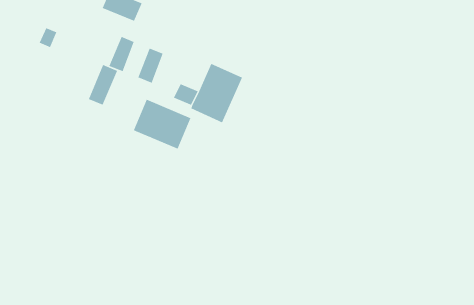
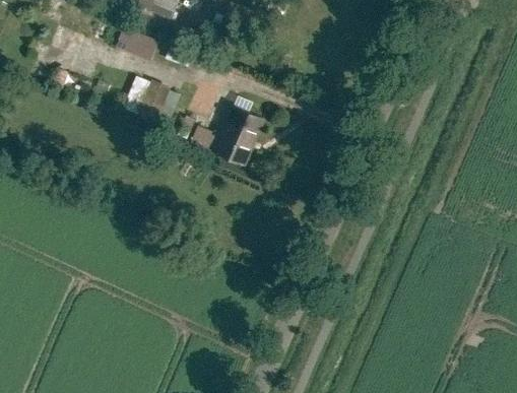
building: [88,64,118,106] -> none
building: [133,99,191,150] -> none

